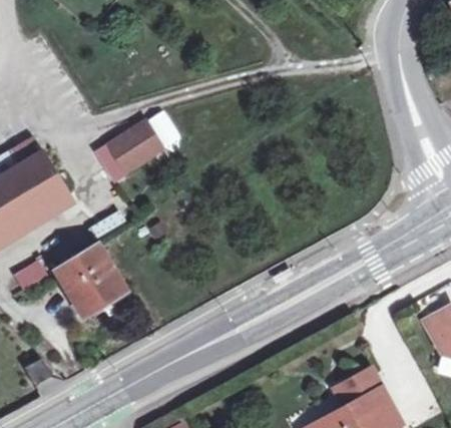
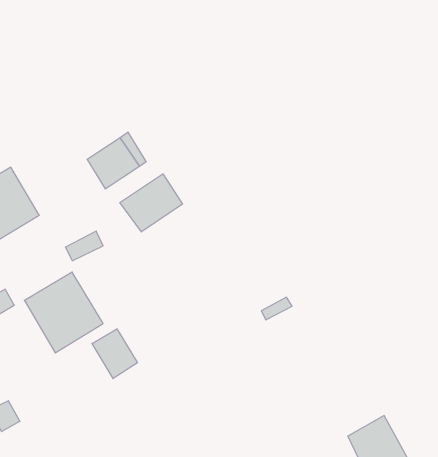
building: none -> [120,174,183,232]
building: none -> [92,329,137,379]

